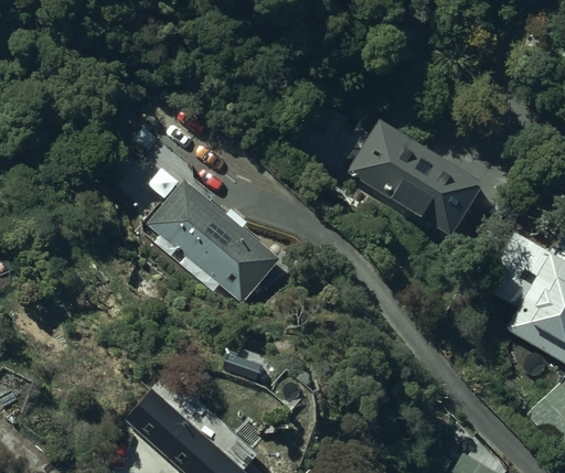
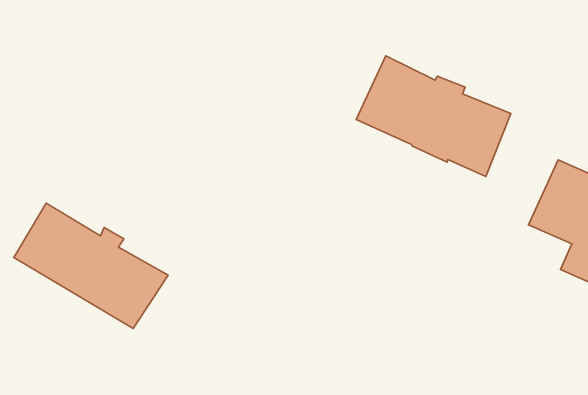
building: [148,181,280,301] -> [14,203,168,329]

